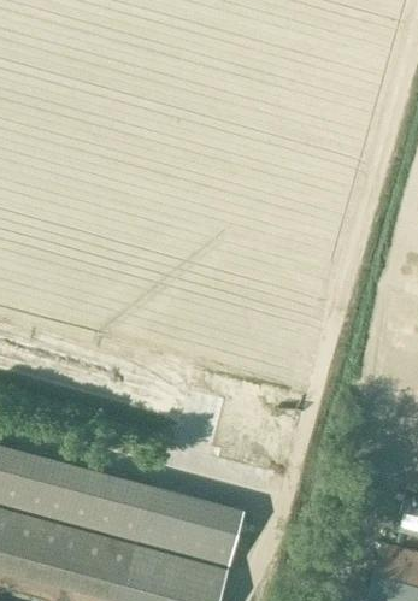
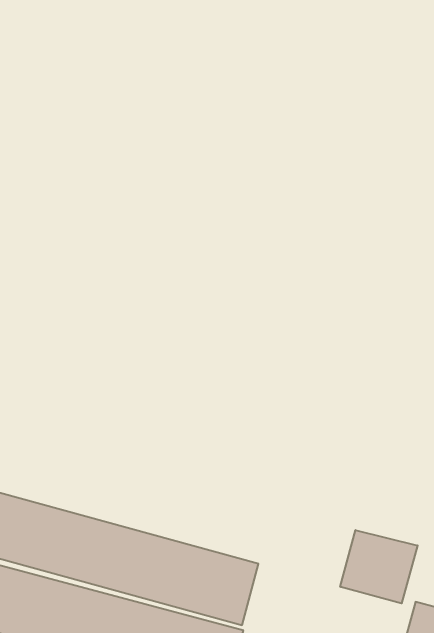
building: none -> [340,530,418,603]

